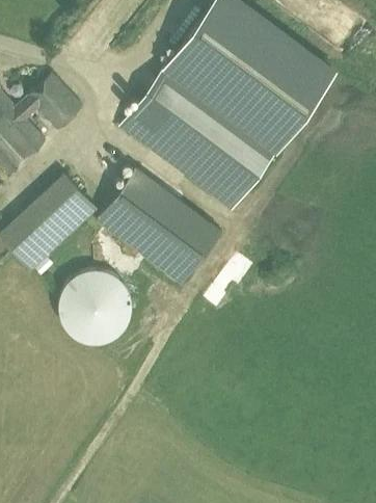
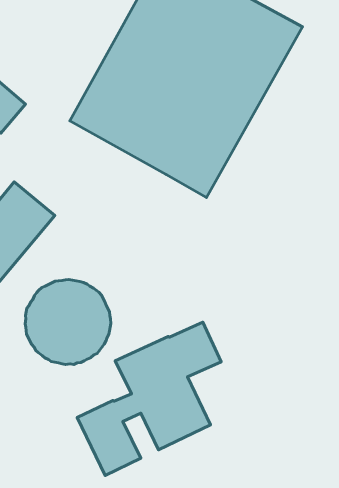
building: [97,169,220,285] -> none
building: none -> [77,322,221,475]

